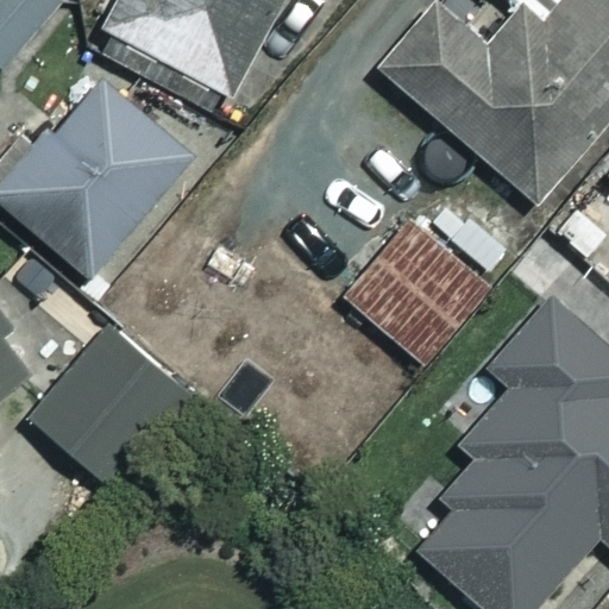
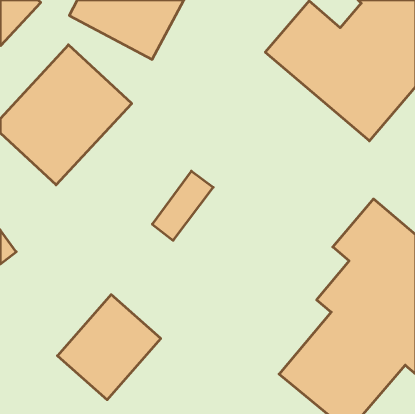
building: [344,215,492,364] -> none
building: [32,328,183,482] -> [57,295,161,400]

